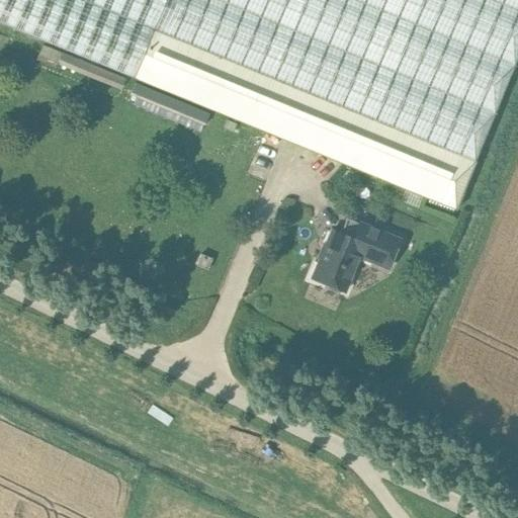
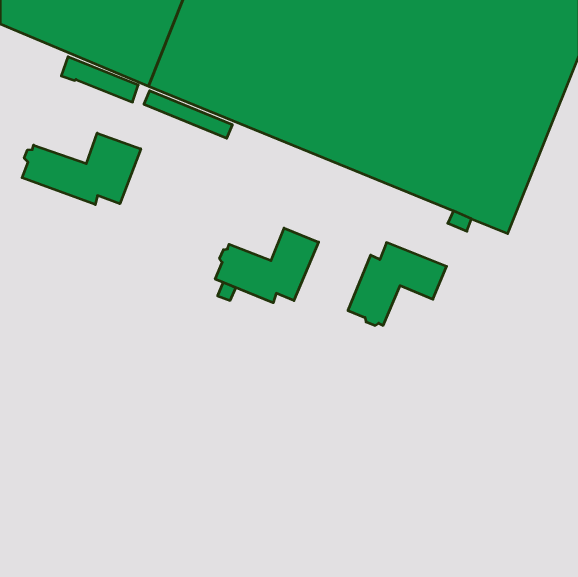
building: none -> [22,133,141,205]
building: none -> [215,228,319,303]

